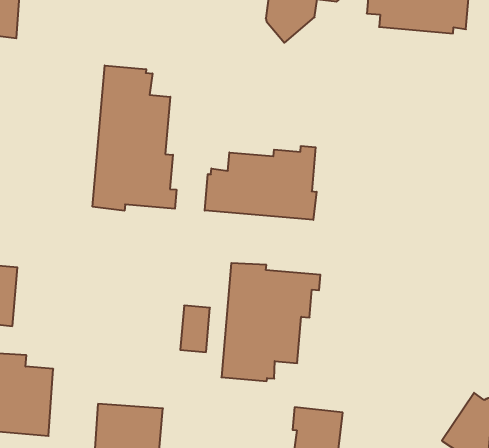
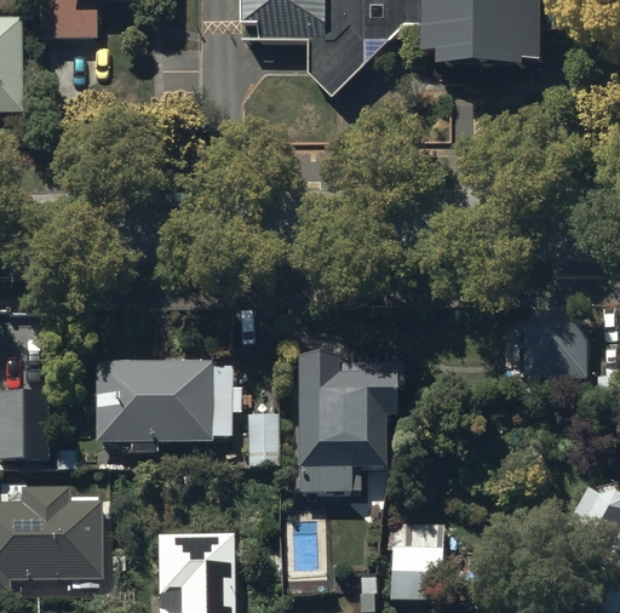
building: [93,65,176,211] -> none
building: [205,146,317,220] -> none
building: none -> [521,316,586,372]
building: none -> [94,360,240,452]

